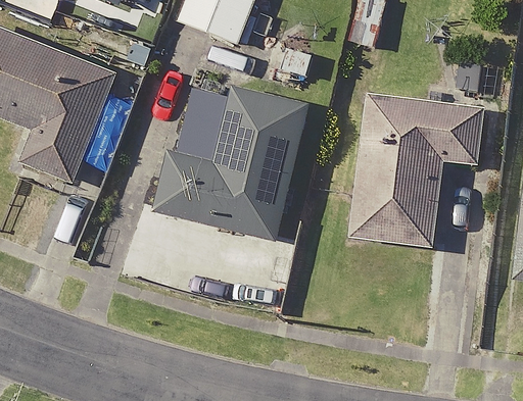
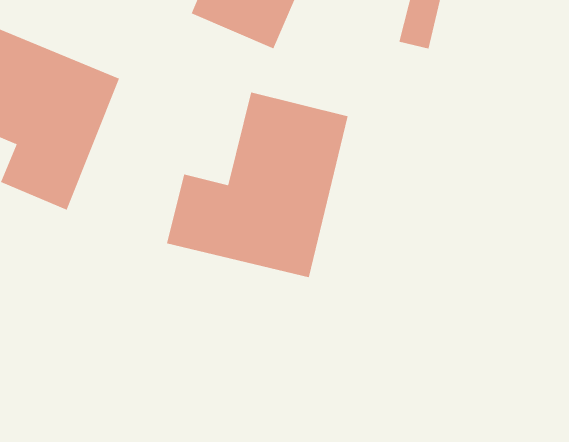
building: [348,93,483,247] -> none

